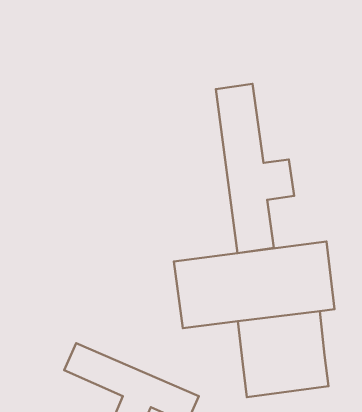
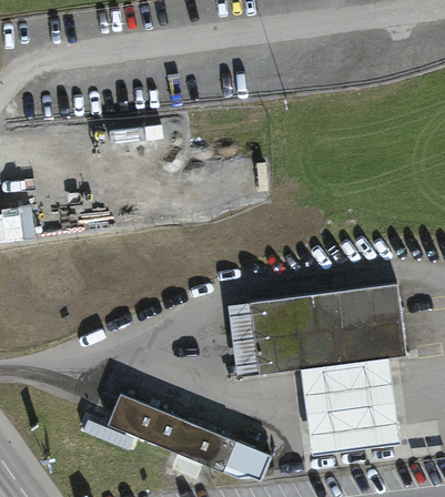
building: [216,84,294,253] -> none

